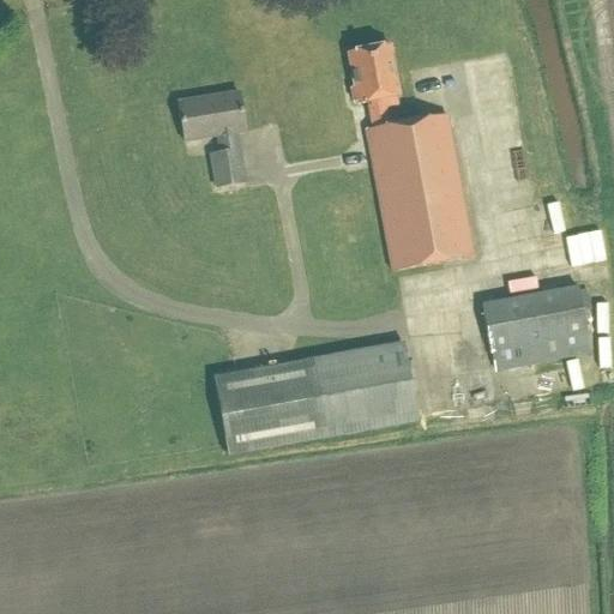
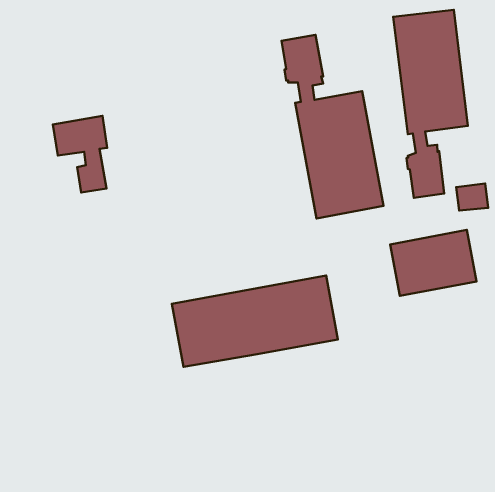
building: none -> [393,10,468,198]
building: [180,90,247,185] -> [53,116,107,192]

